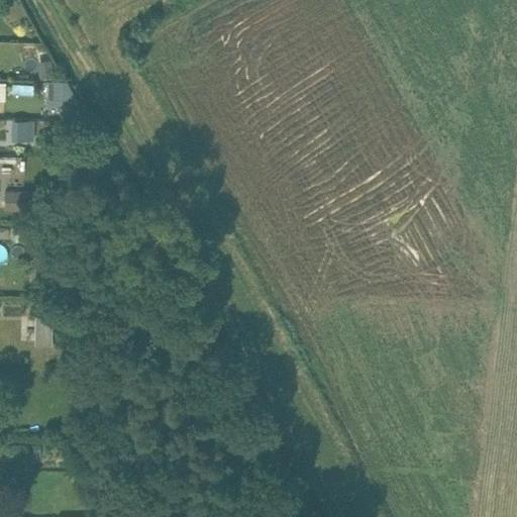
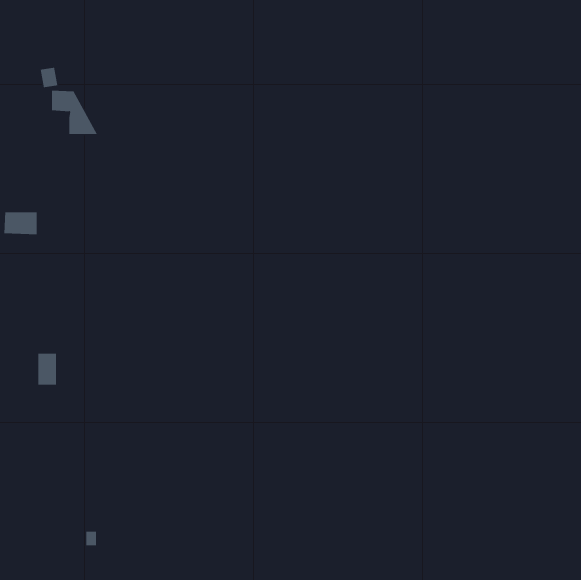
building: [9,120,34,143] -> none

